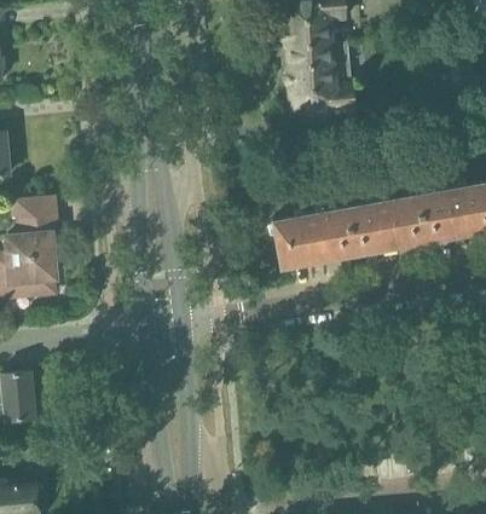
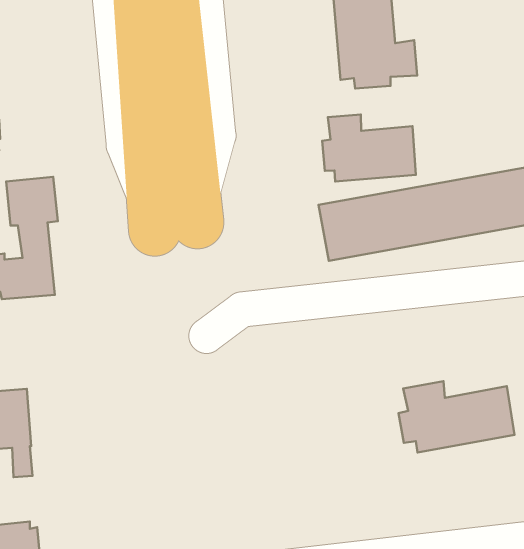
building: none -> [322,114,416,182]
building: none -> [398,381,515,452]

